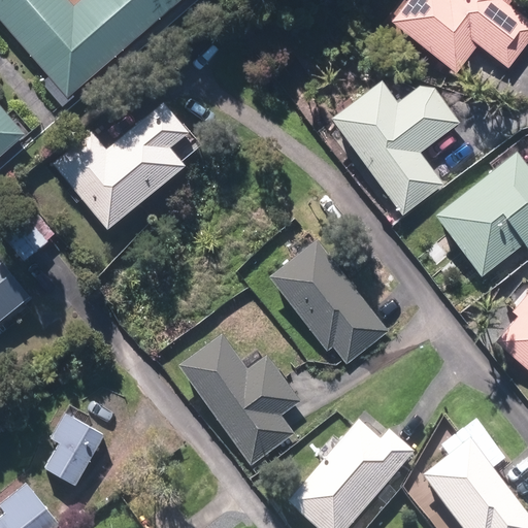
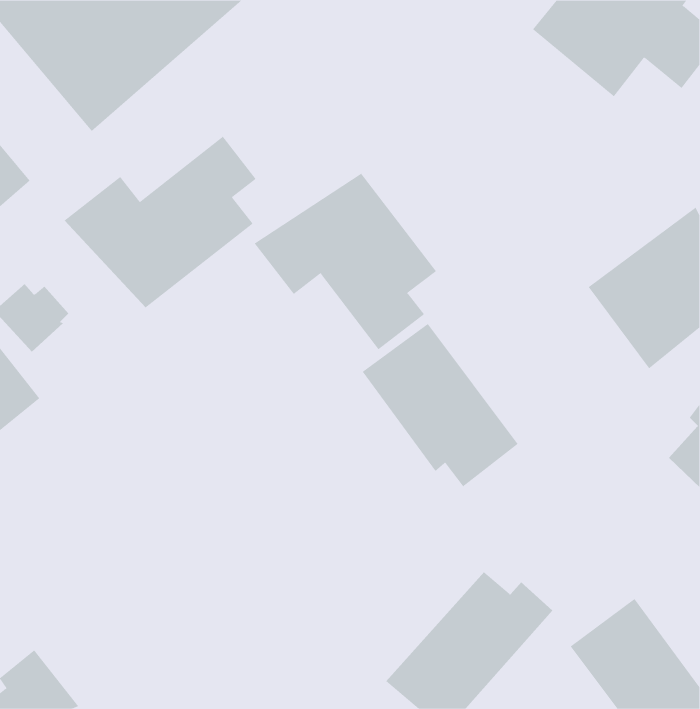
building: [334,80,461,211] -> none
building: none -> [254,173,437,350]
building: [178,333,299,464] -> none
building: [45,406,102,486] -> none

